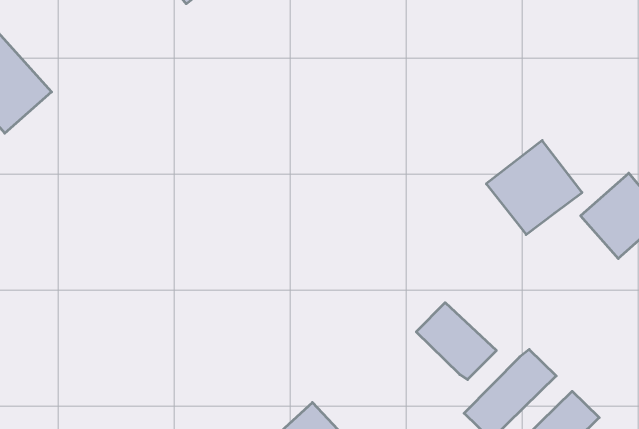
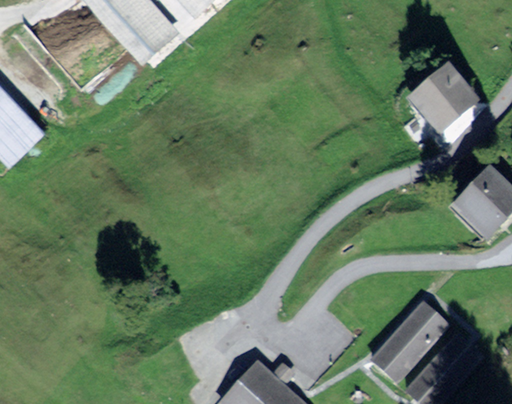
building: [486,140,582,235] -> [406,63,480,136]
building: [416,303,496,380] -> none

